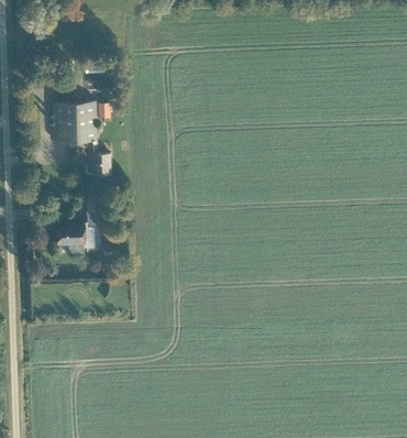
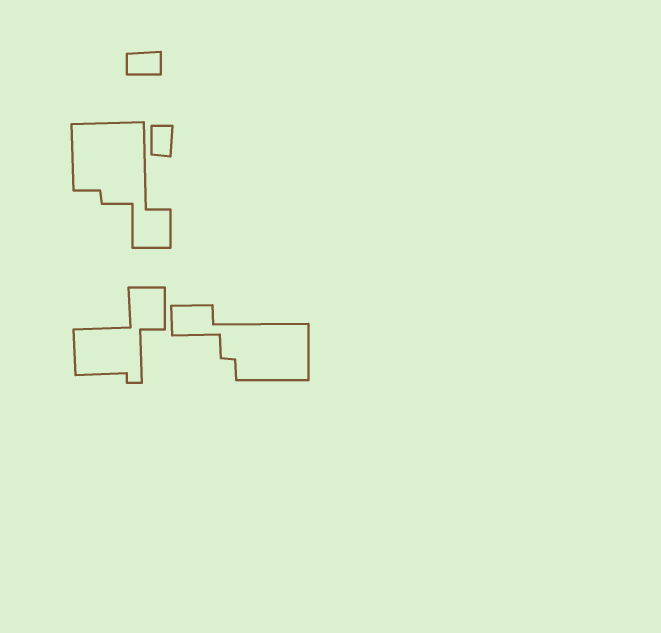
building: none -> [171,305,309,380]

